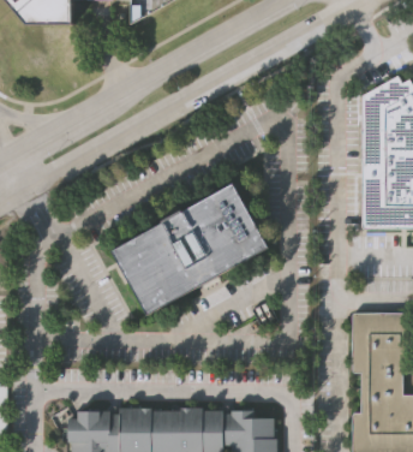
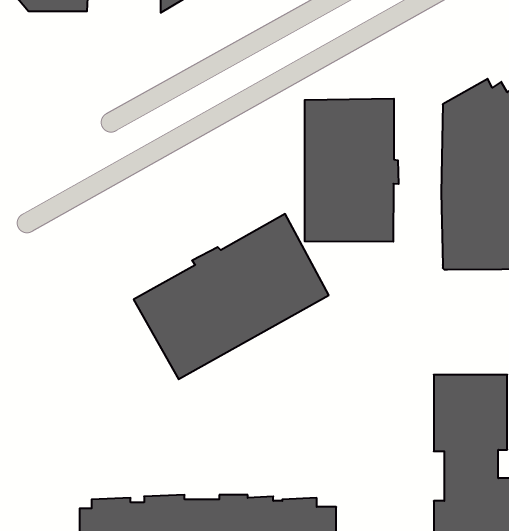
building: none -> [305,99,399,242]

